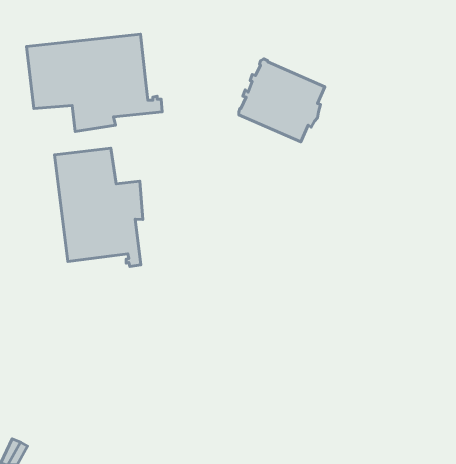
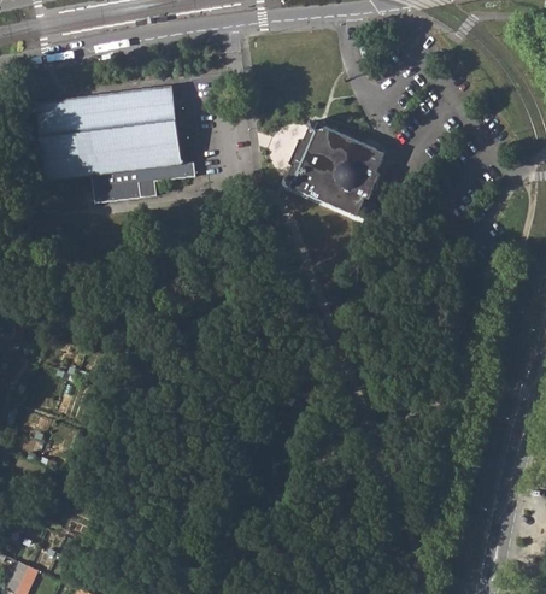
building: [55,148,143,266] -> none

